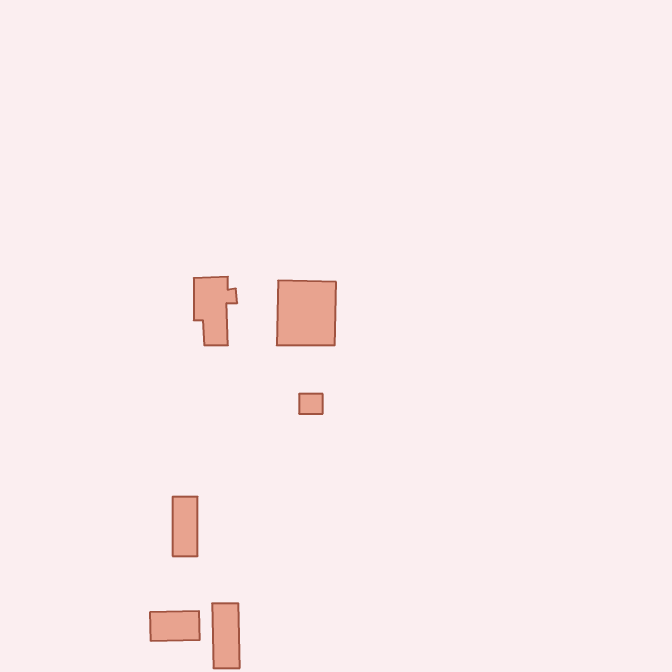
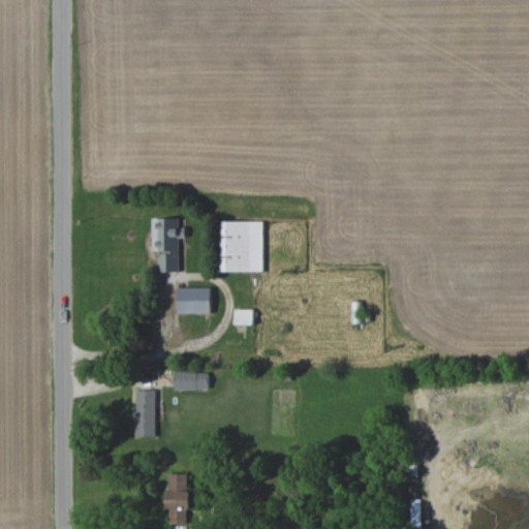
building: none -> [178,288,211,314]
building: none -> [174,372,208,391]
building: [150,611,200,641] -> none

